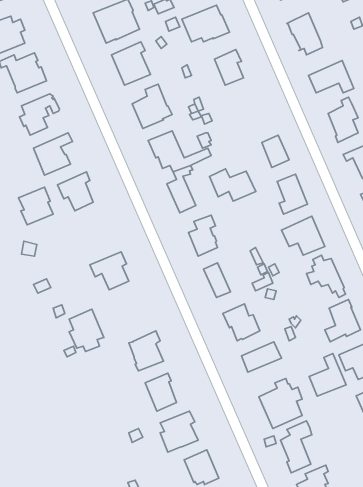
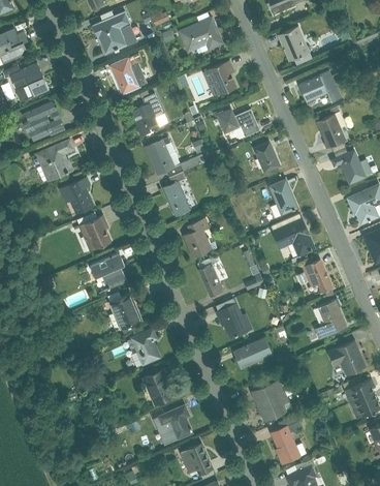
building: [209,169,256,201] -> [216,108,260,139]
building: [19,187,53,225] -> [78,215,112,251]
building: [69,309,104,351] -> [108,294,141,334]
building: [309,353,346,396] -> none

